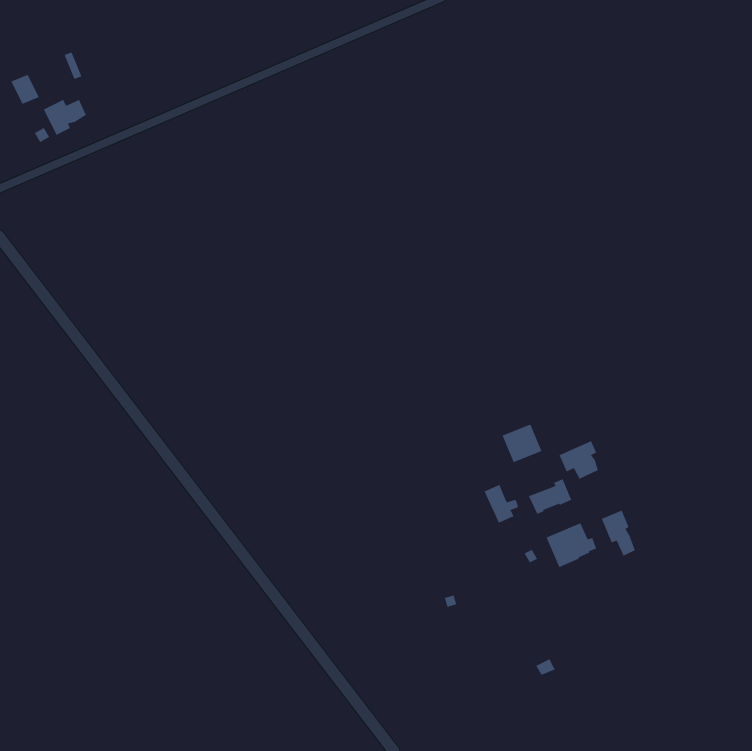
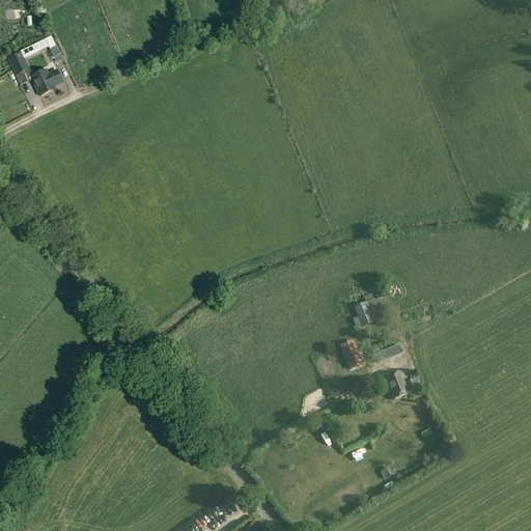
building: [558,440,599,480] -> none
building: [601,509,636,557] -> none

